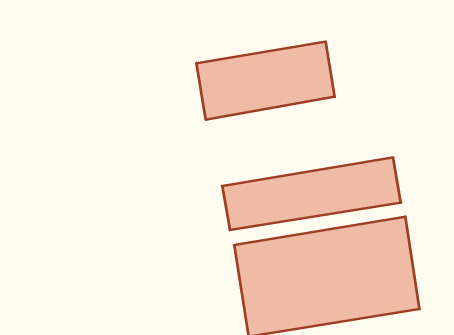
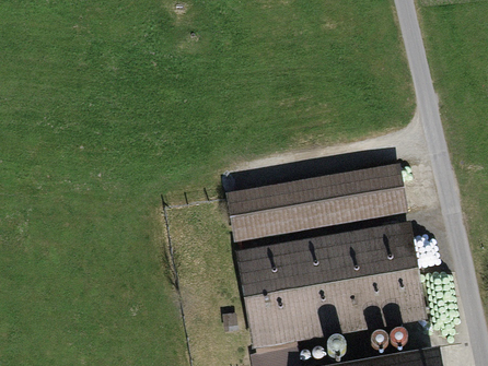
building: [197,42,335,120] -> none

